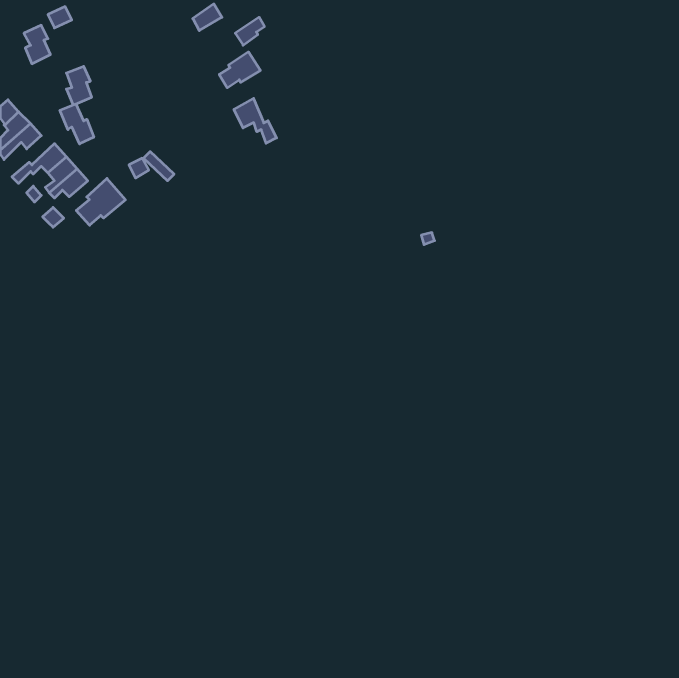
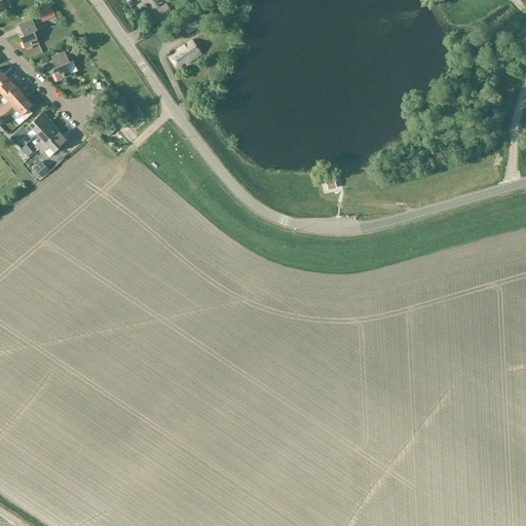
building: [234,98,277,143] -> none
building: [60,104,94,144] -> none
building: [76,178,125,225] -> none

